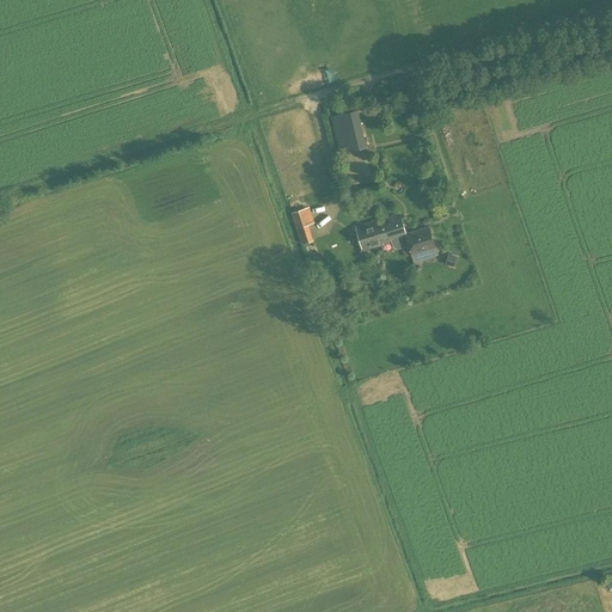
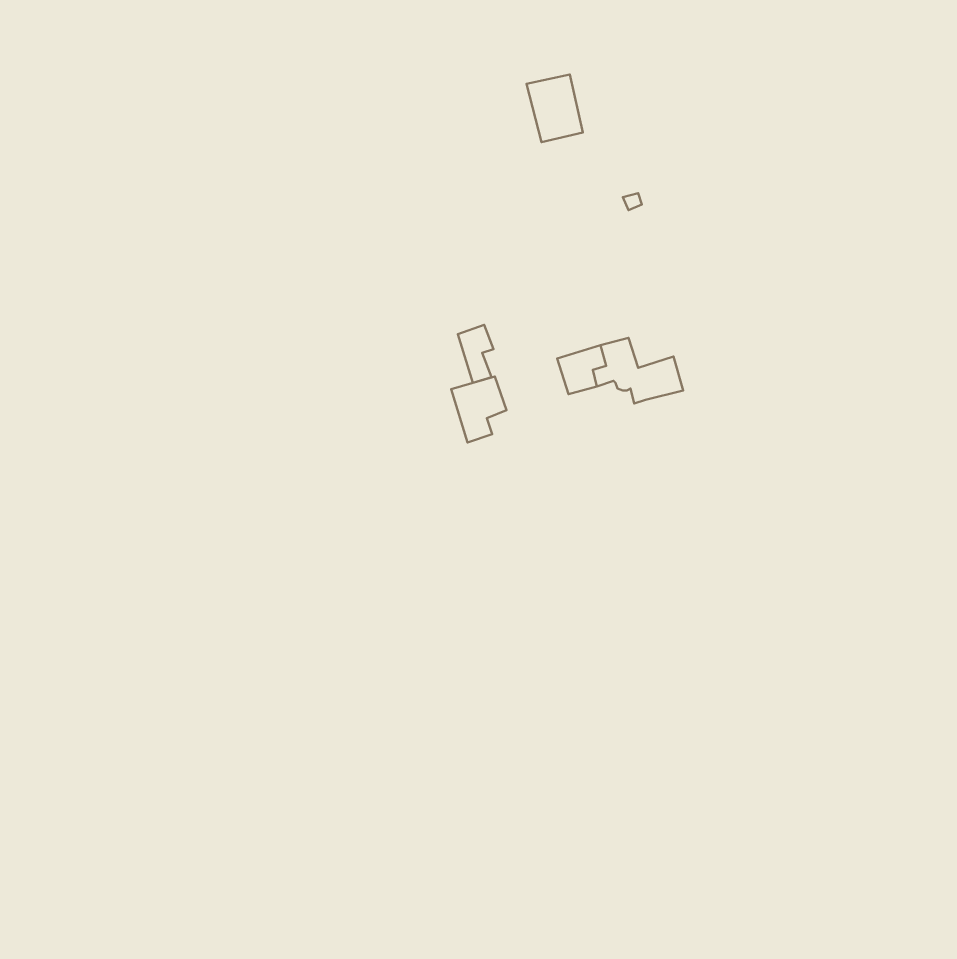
building: [331,109,367,152] -> [527,74,583,142]
building: none -> [451,376,507,442]

